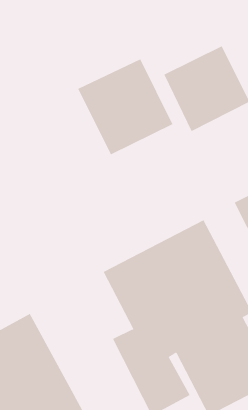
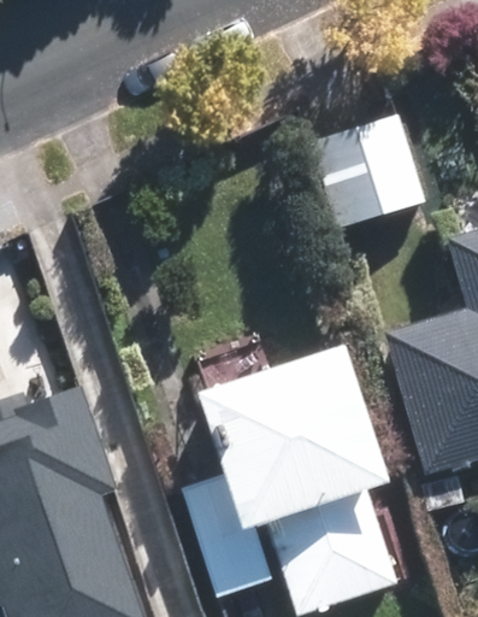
building: [78,59,173,155] -> none

